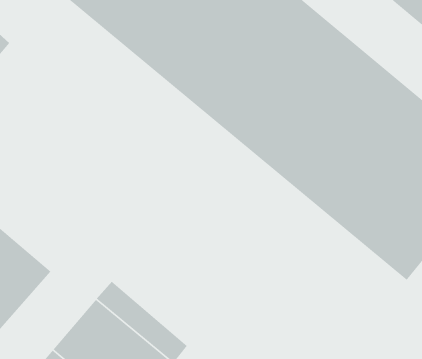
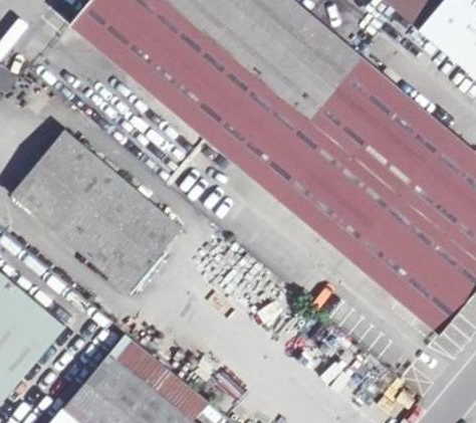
building: none -> [13,132,183,292]

